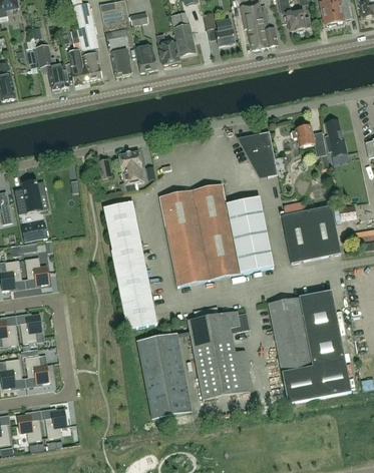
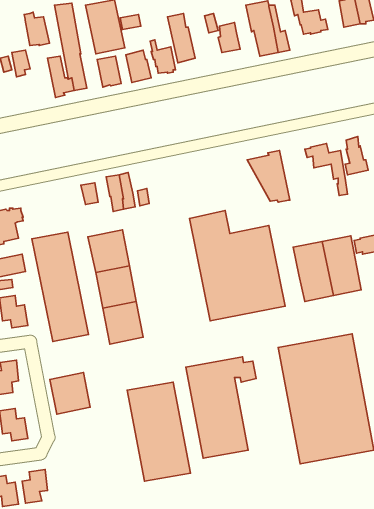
building: [47,59,69,88] -> [24,12,49,46]
building: [159,190,209,286] -> [32,232,88,341]
building: [121,294,156,330] -> [50,373,90,414]

